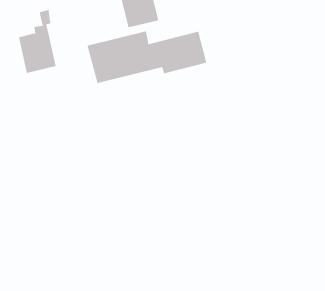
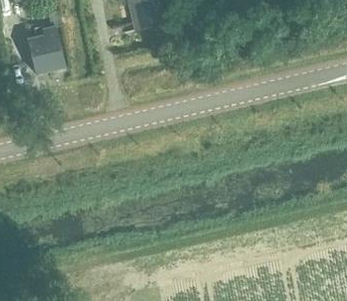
building: [87,30,207,84] -> none

